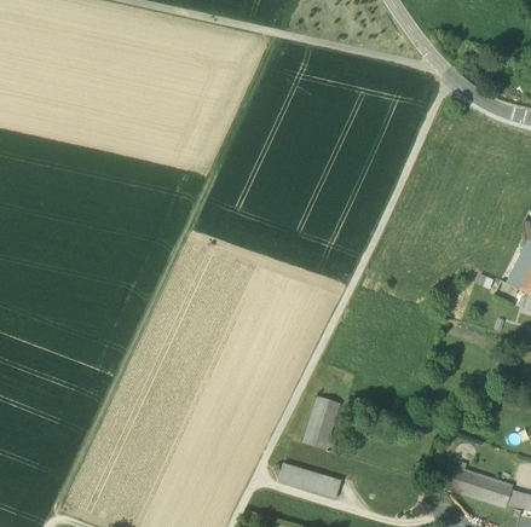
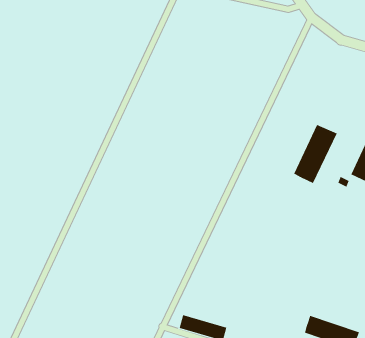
building: none -> [293,124,337,184]
building: [305,396,341,452] -> none

